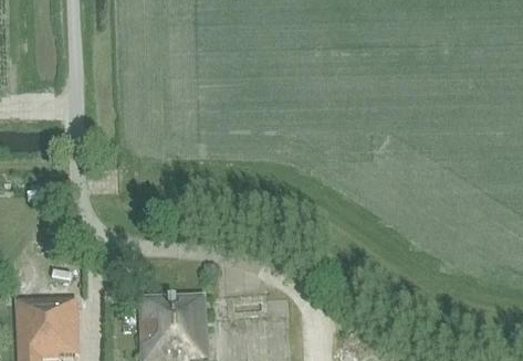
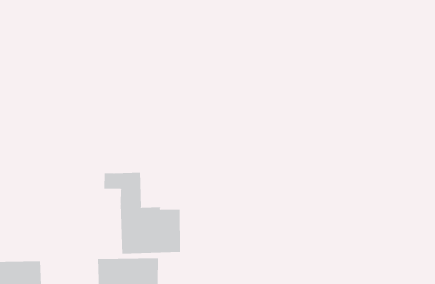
building: none -> [104,172,180,255]

